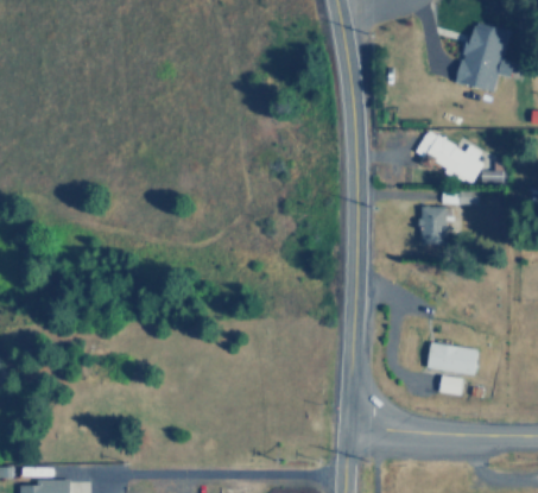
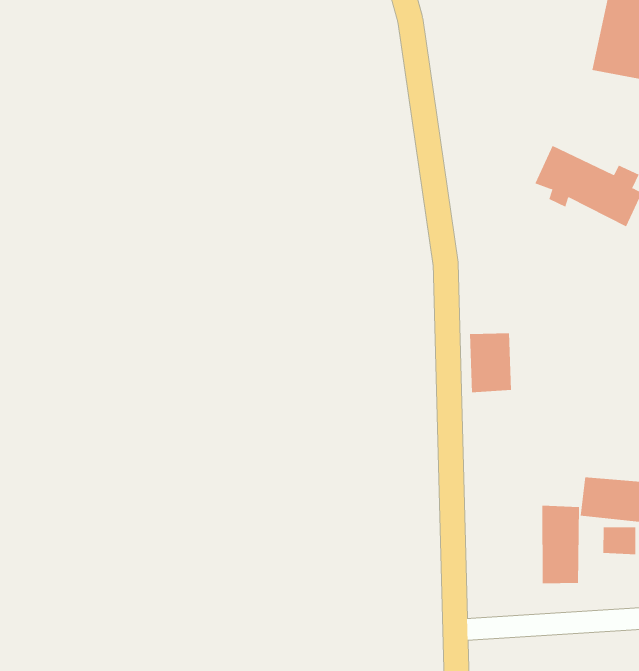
building: [420,207,448,245] -> [469,333,512,393]
building: none -> [542,505,580,584]

